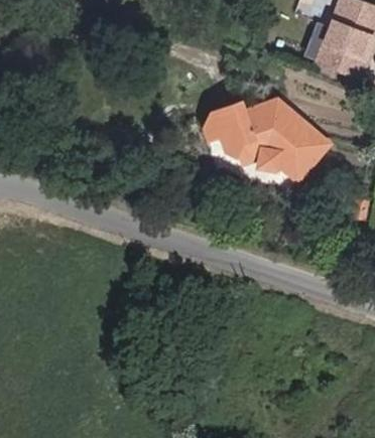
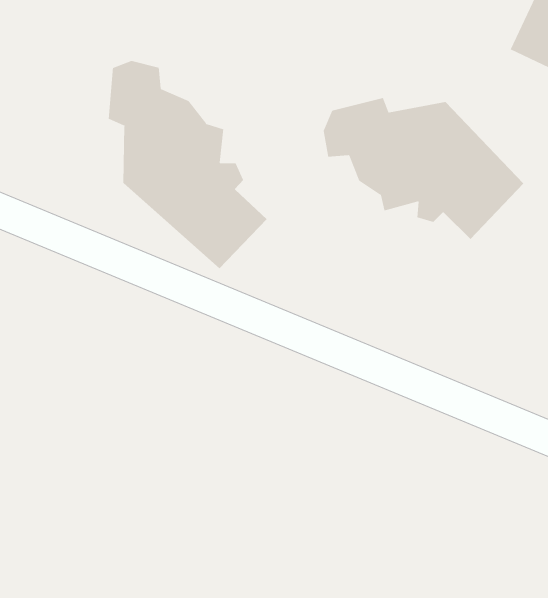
building: none -> [108,60,268,269]

